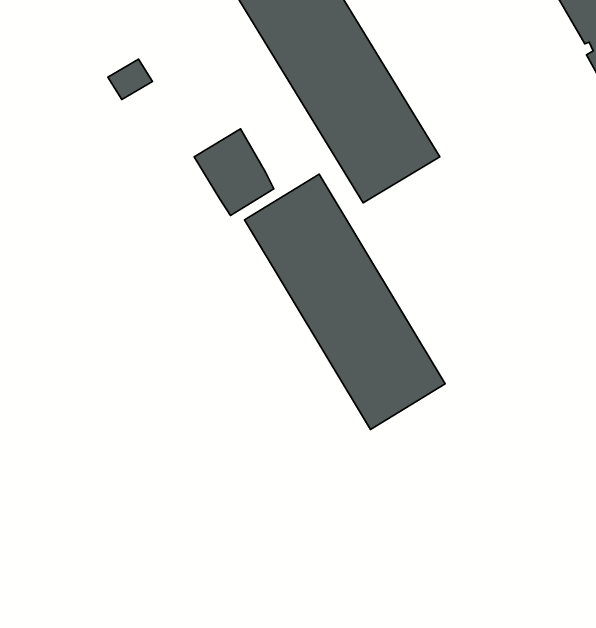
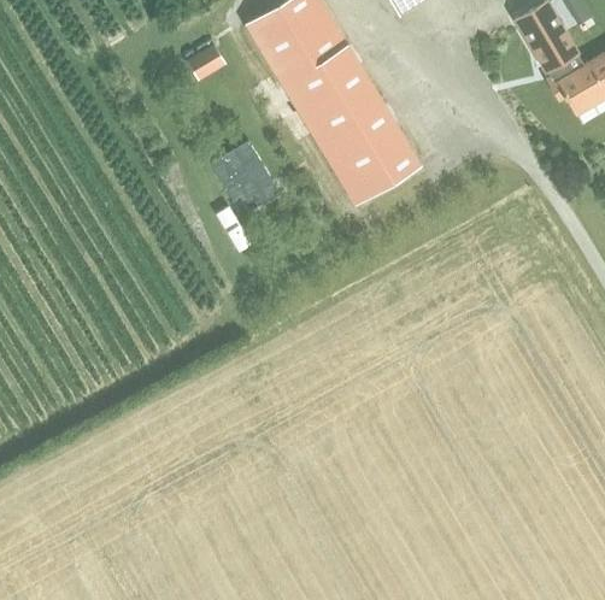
building: [108,59,152,100] -> [188,43,227,78]
building: [245,174,445,430] -> none

